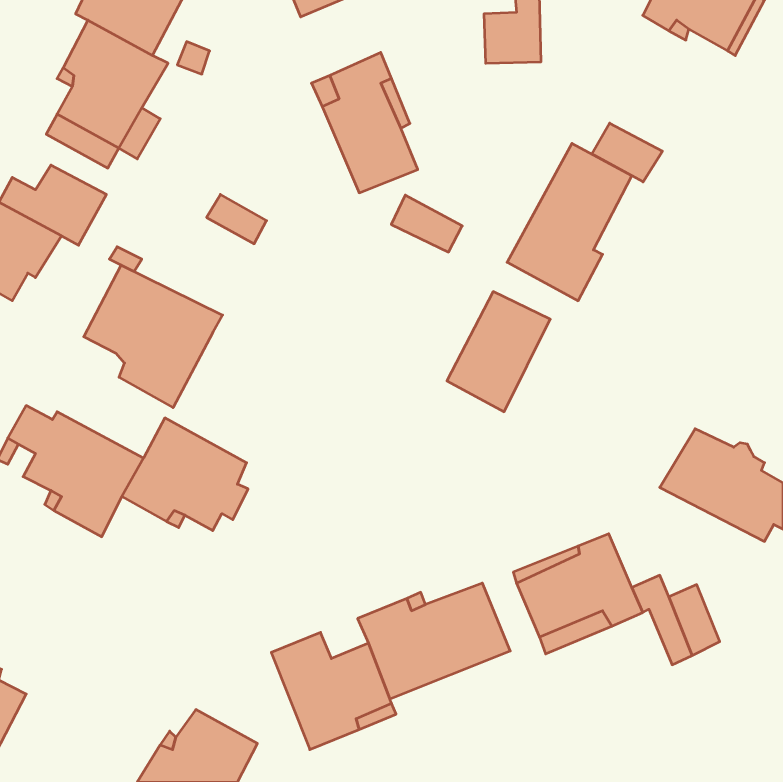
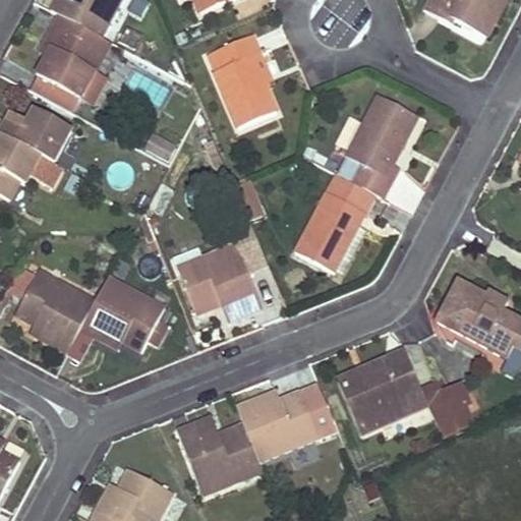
building: [592,123,662,182] -> none
building: [391,195,462,252] -> [326,173,372,211]
building: [84,265,223,408] -> none
building: none -> [177,217,266,320]

